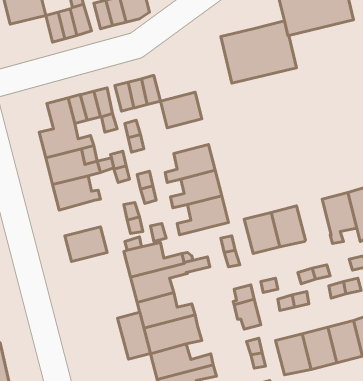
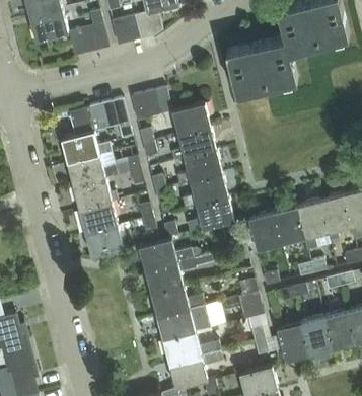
building: none -> [171,127,216,161]
building: none -> [296,200,328,249]
building: none -> [80,201,118,233]
building: [118,312,151,359] -> none

